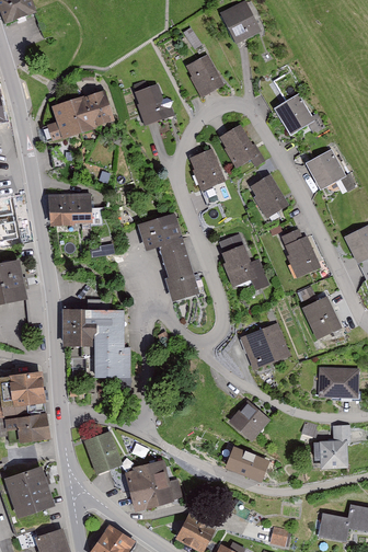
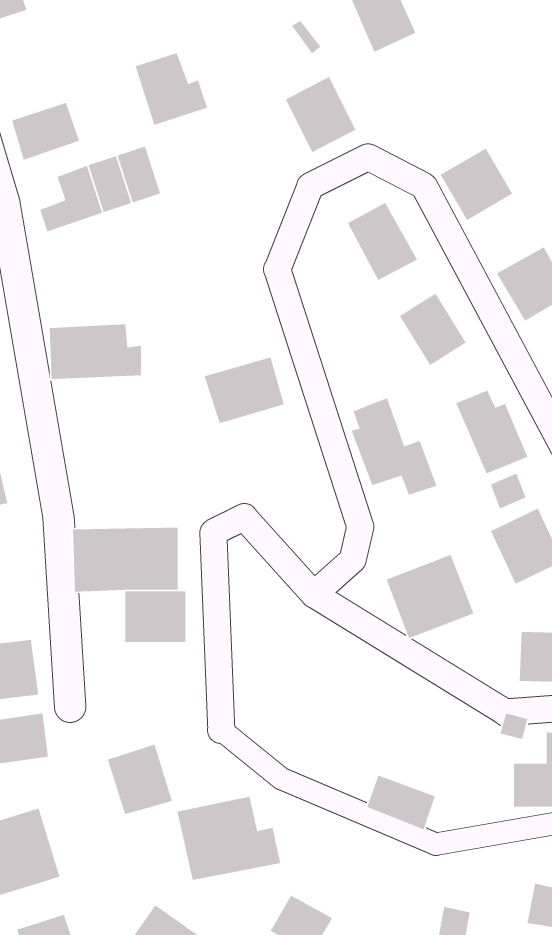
building: none -> [11,102,80,161]
building: [134,82,175,124] -> [135,52,208,126]
building: [188,148,225,189] -> none
building: [158,239,202,300] -> none
building: [227,401,269,442] -> none

